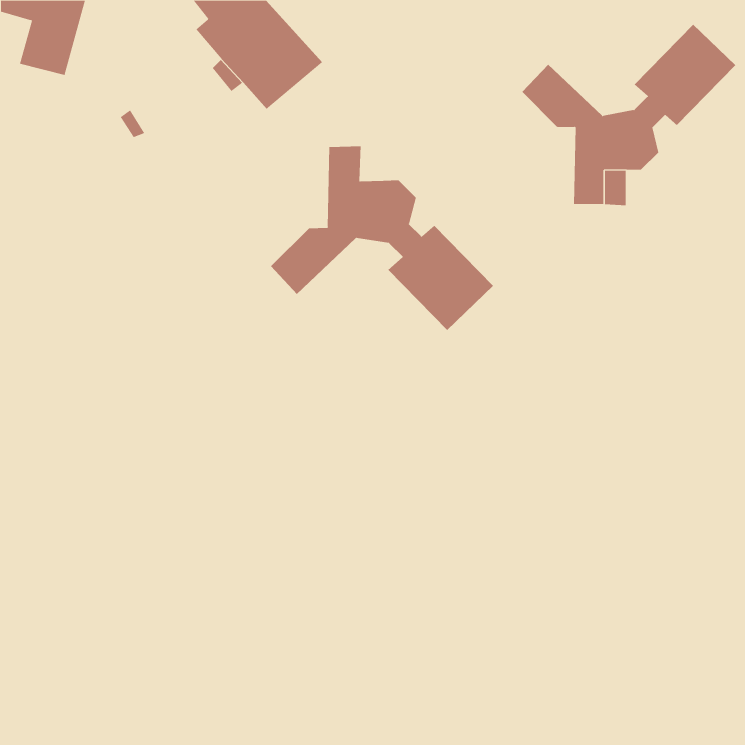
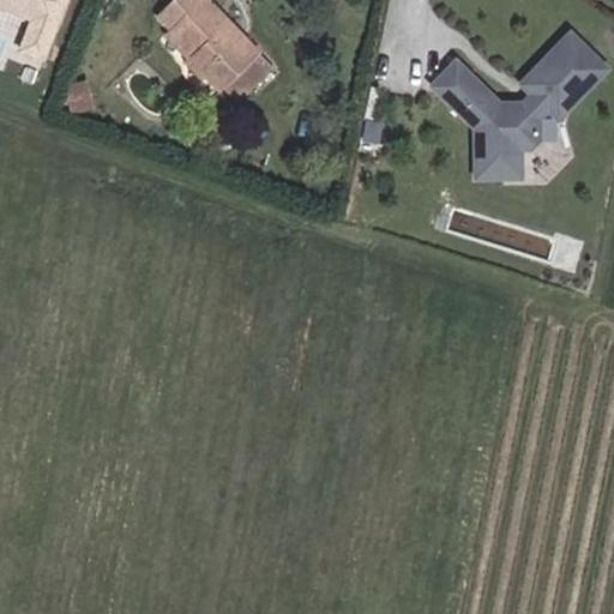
building: [270,145,494,331] -> none

